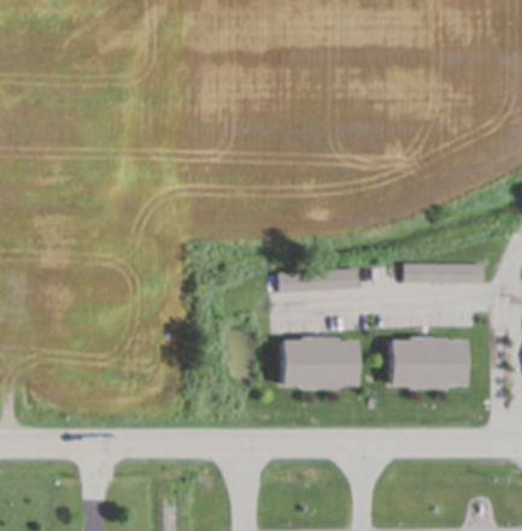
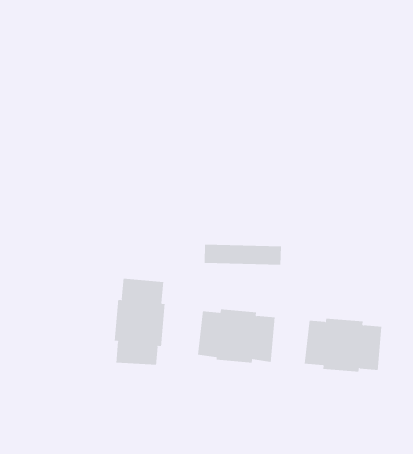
building: [405,264,483,283] -> none
building: none -> [114,278,165,365]

